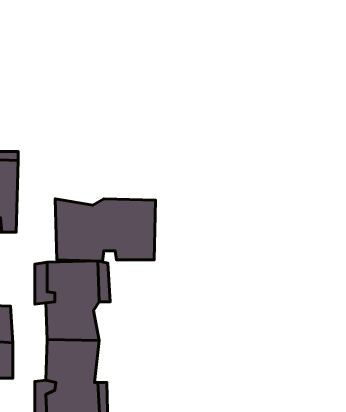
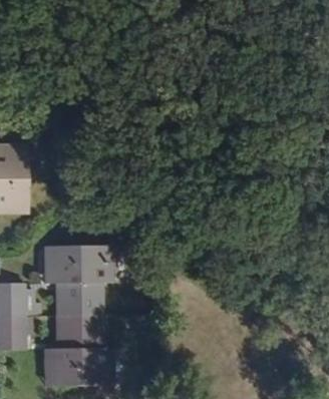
building: [55,199,155,261] -> none

